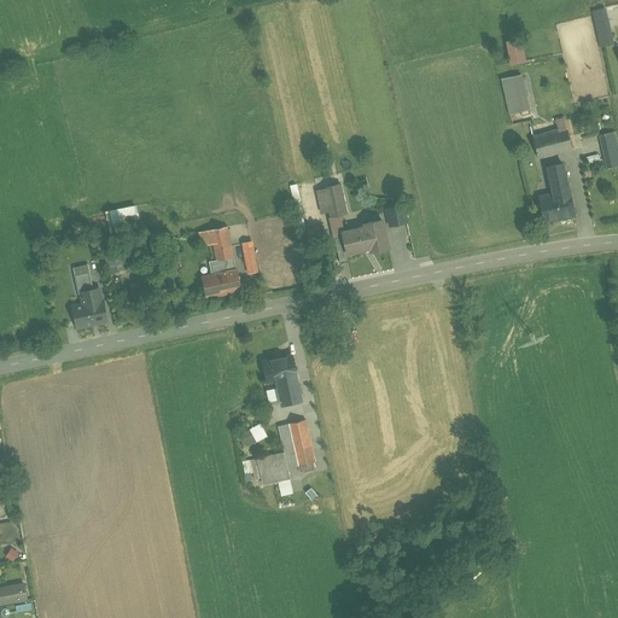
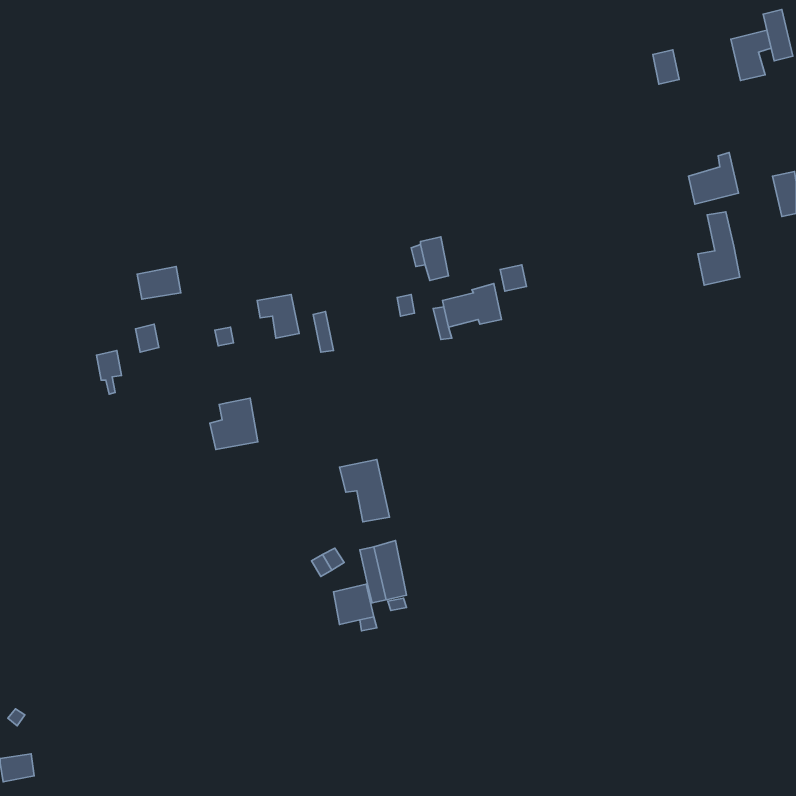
building: none -> [731,30,771,81]
building: [501,75,530,115] -> none
building: [200,258,238,298] -> [210,398,258,450]
building: [74,290,107,327] -> none

